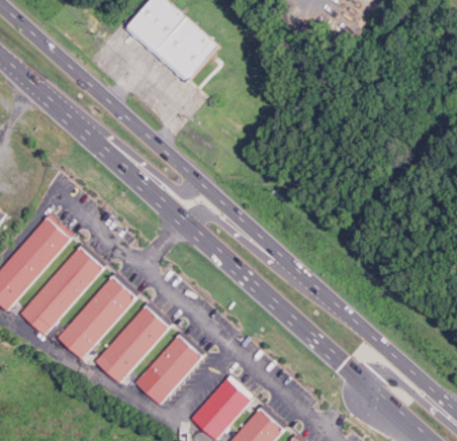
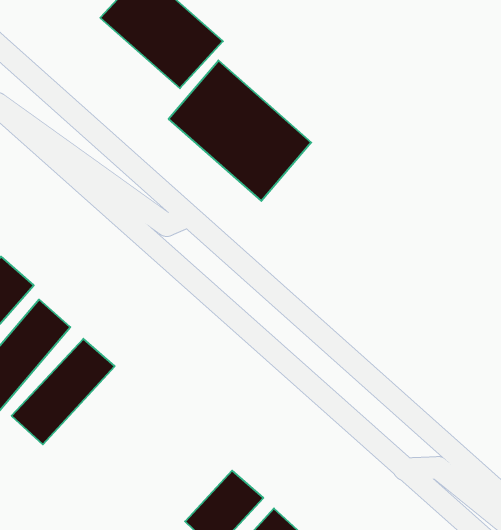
building: none -> [169,60,311,201]
building: [94,305,169,384] -> none
building: [135,335,201,405] -> none

